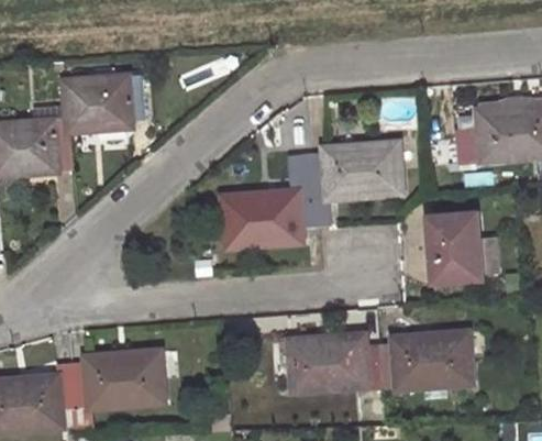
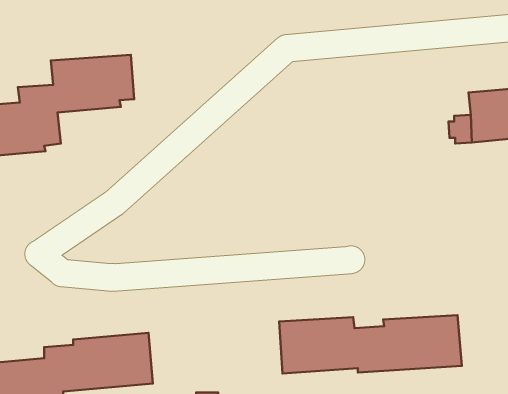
building: [222,142,401,246] -> none
building: [429,213,480,280] -> none

